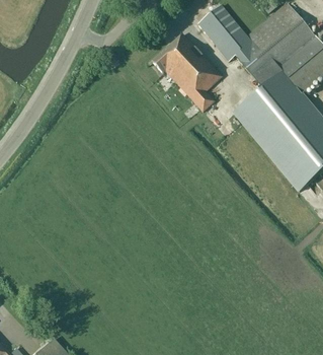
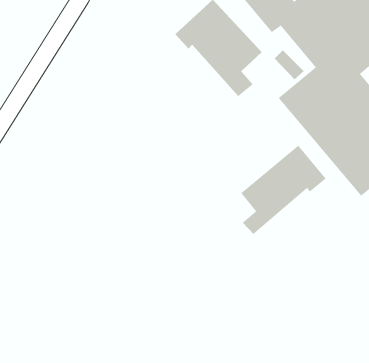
building: none -> [240,145,326,235]

